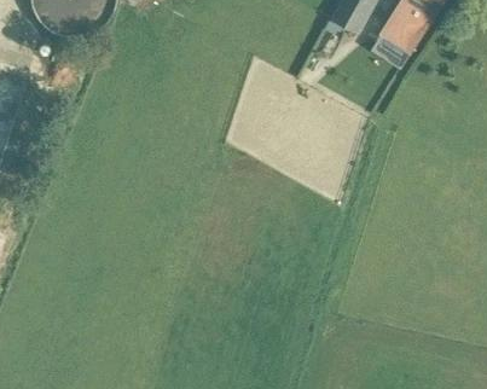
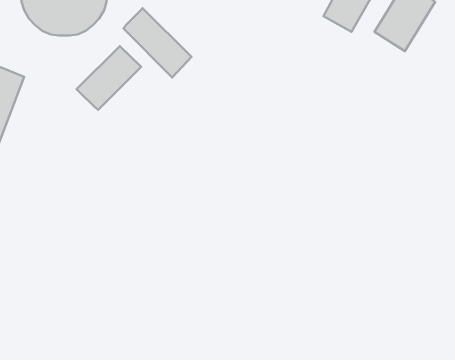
building: none -> [123,8,191,77]
building: none -> [77,46,141,110]

